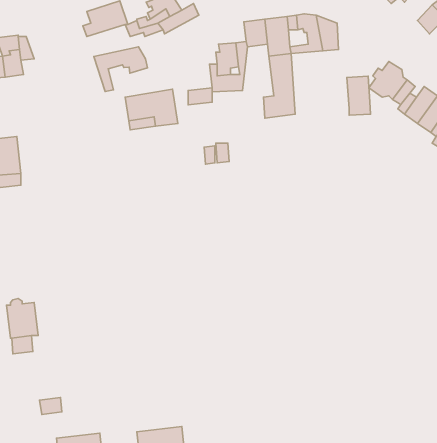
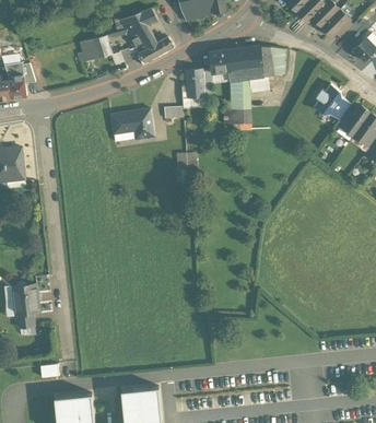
building: [94,47,147,92] -> none
building: [347,76,371,115] -> none

